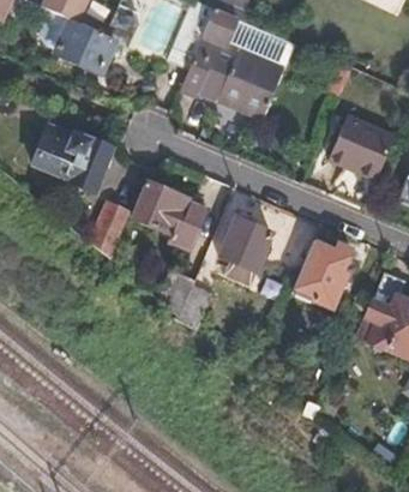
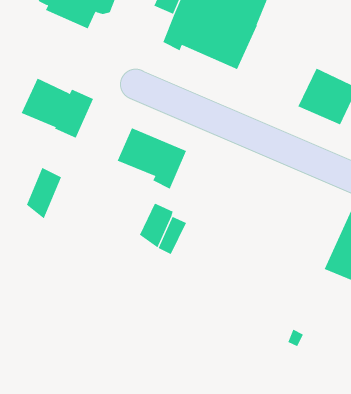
building: [91,203,130,259] -> [26,167,62,219]
building: [221,218,272,286] -> none
building: [293,240,350,308] -> none

